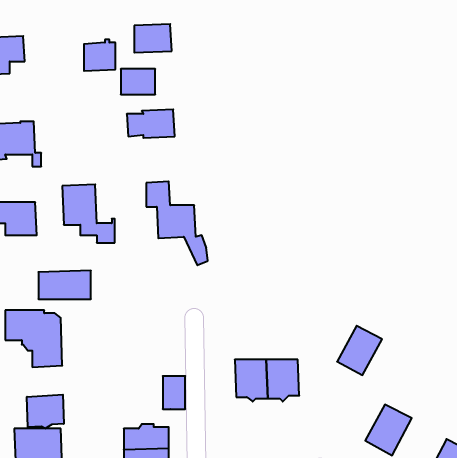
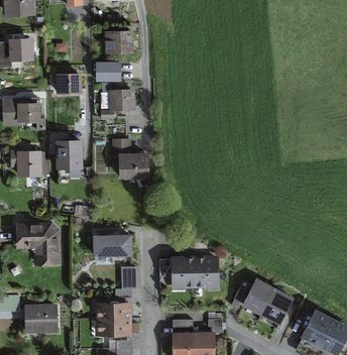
building: [84,40,115,71] -> [57,72,79,93]
building: [38,271,91,299] -> [94,235,129,254]
building: [337,326,382,375] -> [243,279,273,313]
building: [27,395,64,429] -> none

